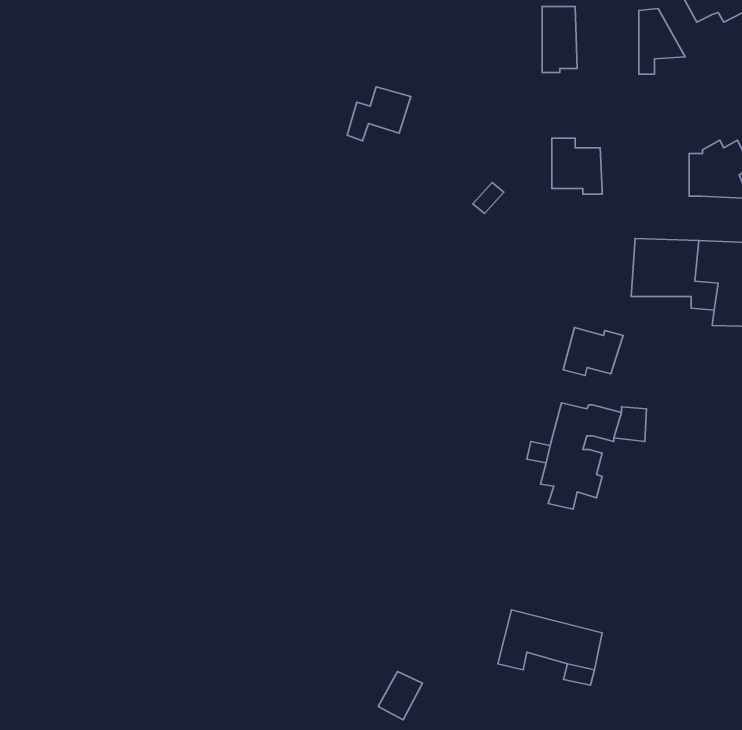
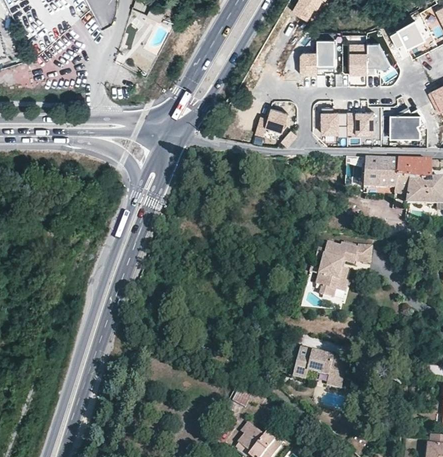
building: none -> [350,41,367,74]
building: none -> [300,52,317,74]
building: [347,87,411,141] -> [256,108,289,136]
building: none -> [347,112,374,134]
building: [563,328,623,376] -> none

